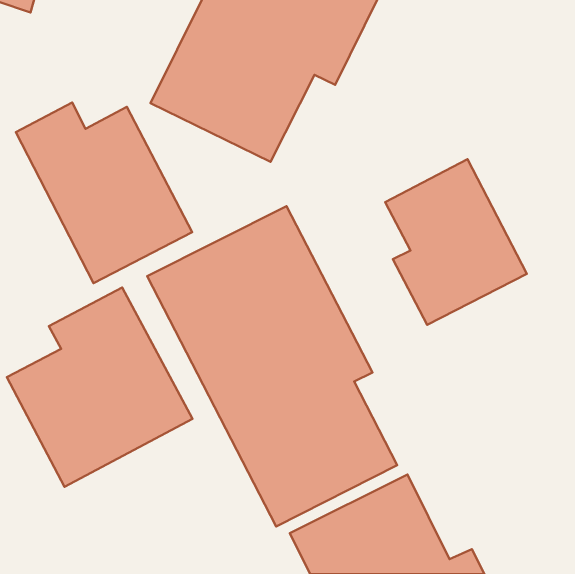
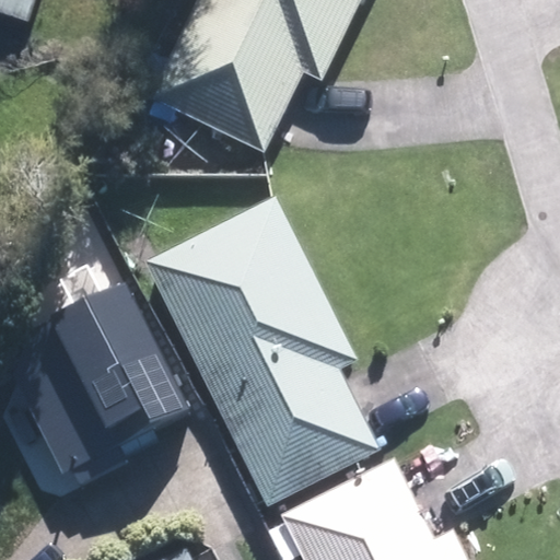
building: [16,102,192,283] -> none
building: [385,159,527,325] -> none

